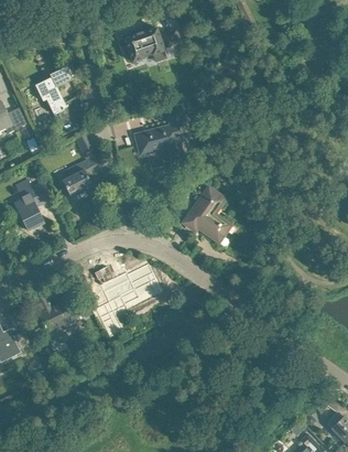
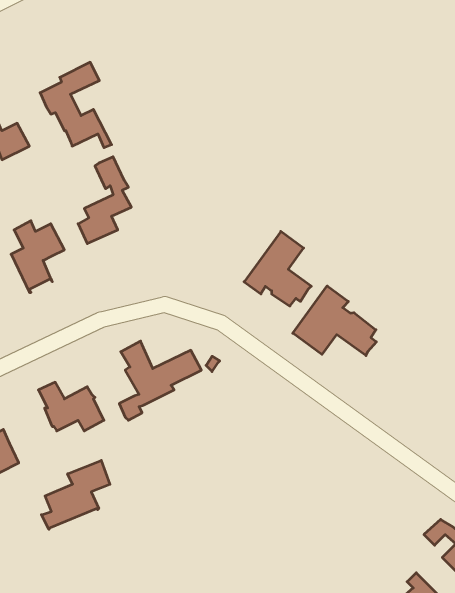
building: [123,29,180,63] -> none
building: [133,107,187,163] -> none
building: none -> [293,286,376,356]
building: none -> [41,460,110,529]

